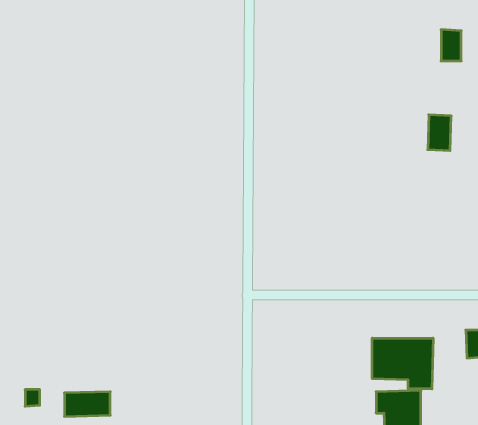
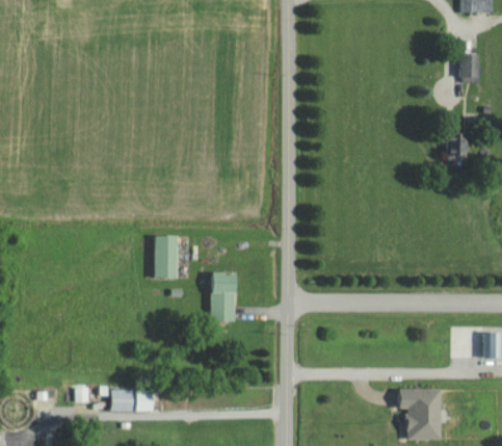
building: none -> [154,235,177,278]
building: none -> [211,272,236,321]
building: [372,338,433,389] -> none

